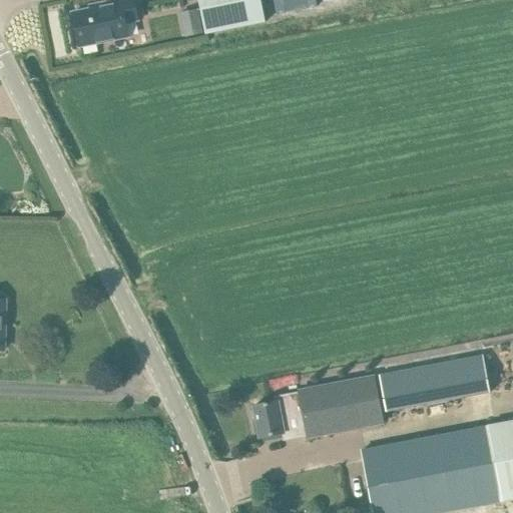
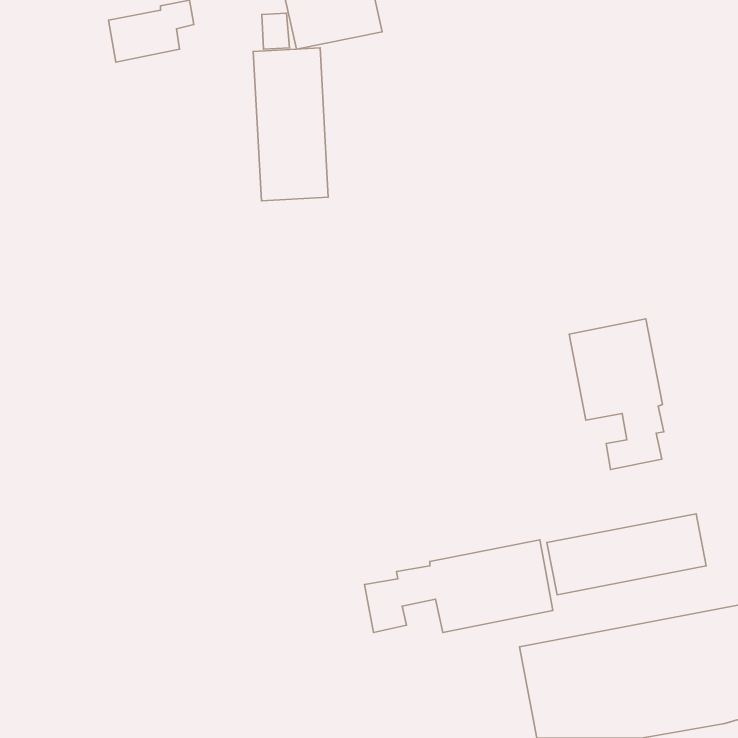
building: none -> [253,48,328,201]
building: none -> [569,319,664,470]

